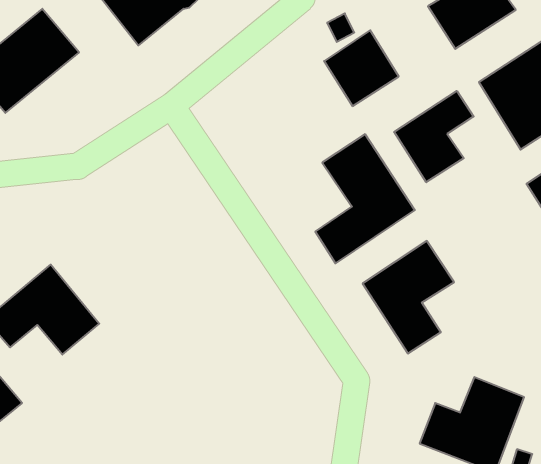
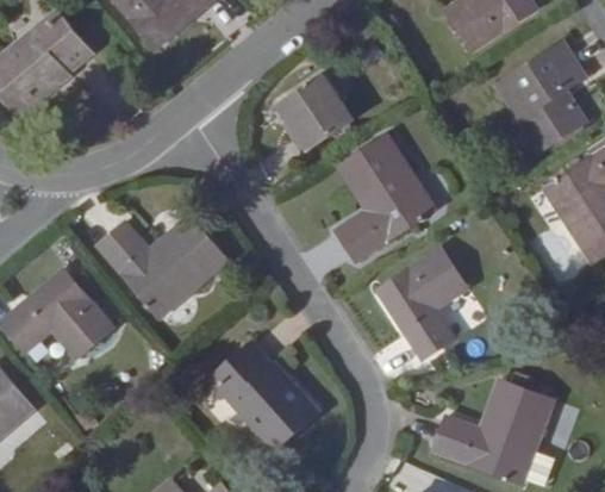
building: [324,30,399,106] -> [280,73,355,149]
building: [394,91,474,182] -> none
building: none -> [98,216,227,317]
building: none -> [210,337,317,449]

